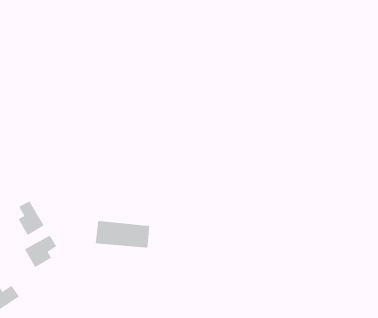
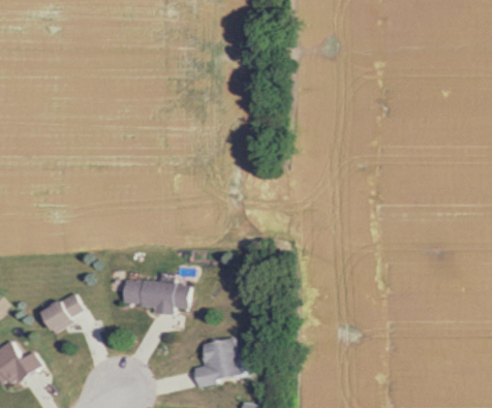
building: [18,201,44,236] -> none
building: none -> [195,339,240,383]

